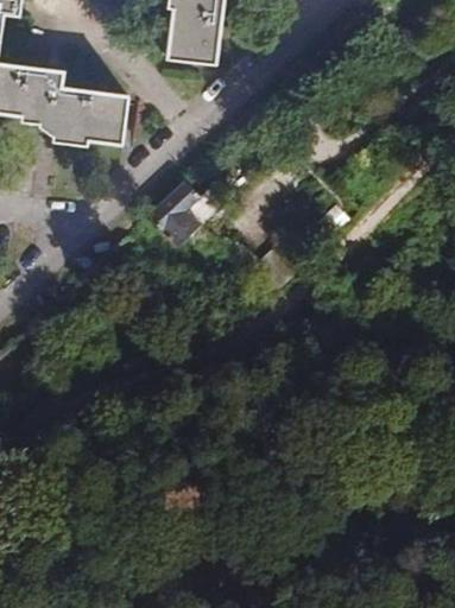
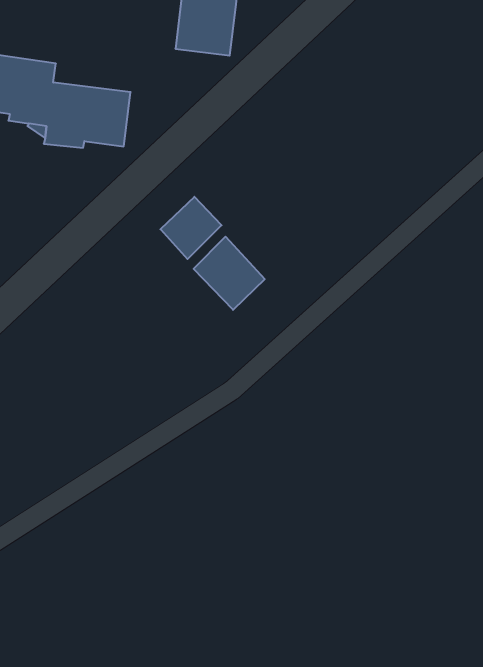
building: none -> [194,237,265,310]

